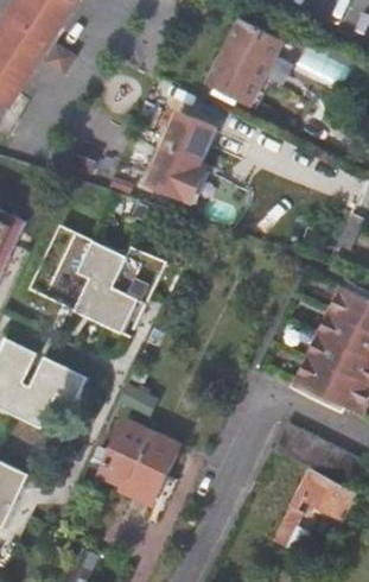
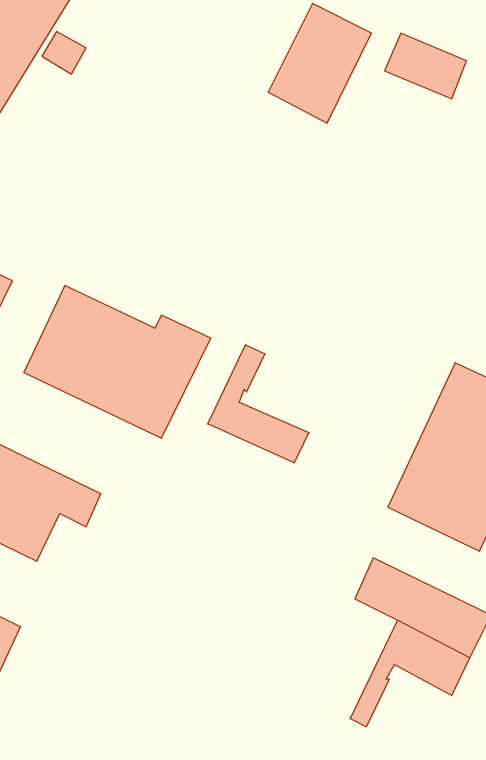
building: [146,112,214,203] -> none
building: none -> [208,345,309,463]
building: [98,422,180,510] -> none

